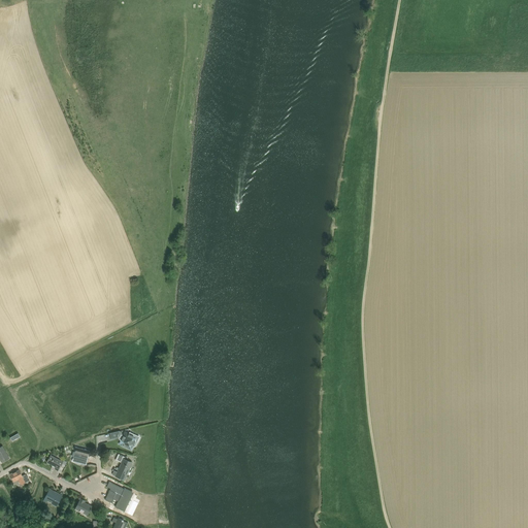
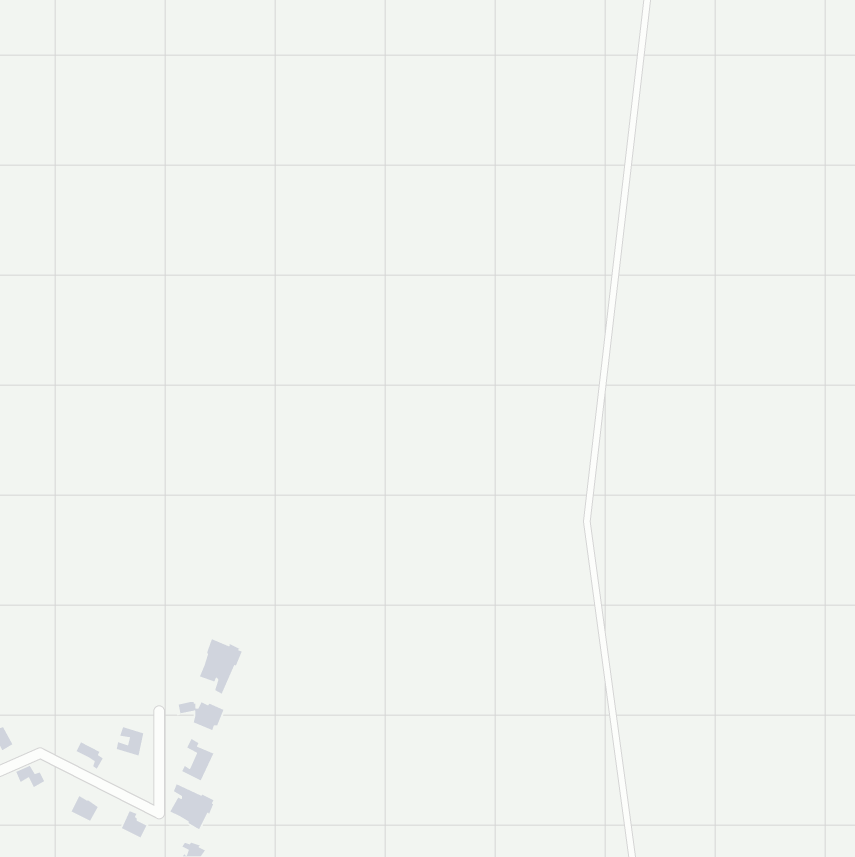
building: none -> [199,638,243,695]

